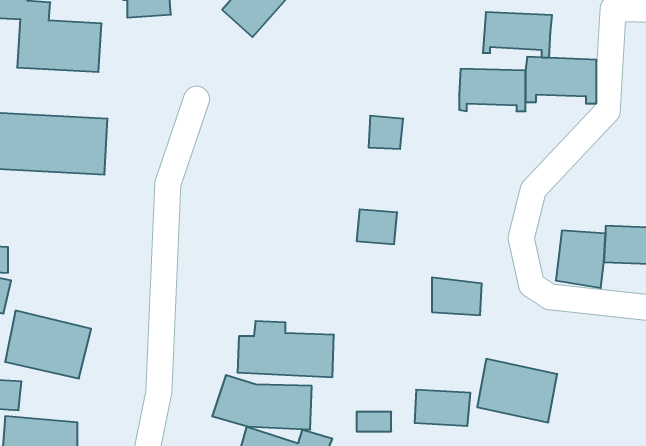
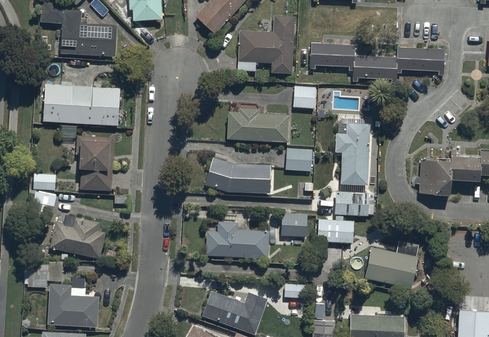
building: none -> [238,15,296,72]
building: [483,12,552,57] -> [309,41,355,71]
building: none -> [227,107,290,141]
building: none -> [337,124,371,187]
building: none -> [75,137,115,191]
building: none -> [281,213,307,236]
building: [212,375,312,430] -> [204,157,270,193]
building: [415,390,470,426] -> [317,219,354,243]

